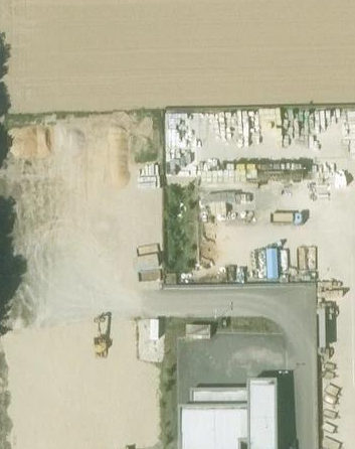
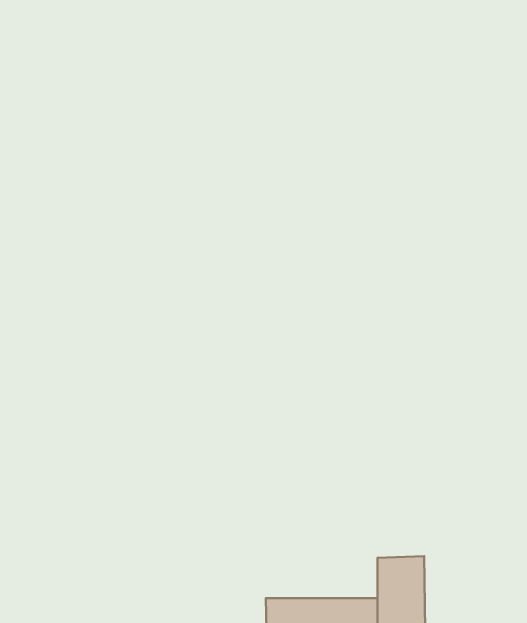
building: [197,390,254,409] -> none

